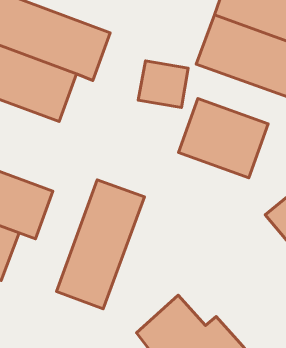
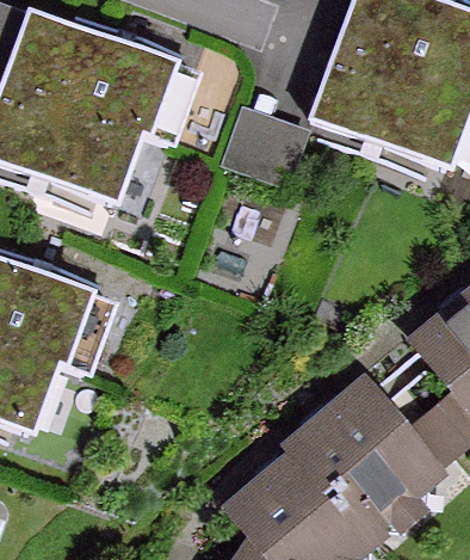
building: [179,99,268,178] -> none
building: [56,180,144,309] -> none
building: none -> [284,379,439,521]

